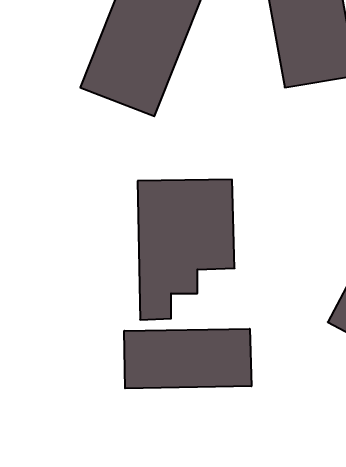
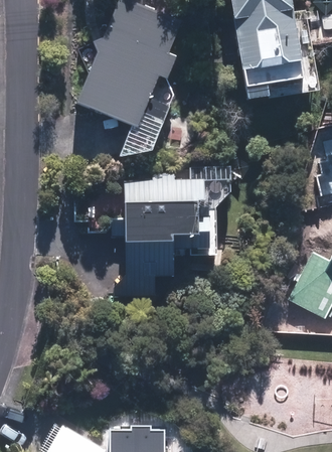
building: [124,329,251,388] -> none

